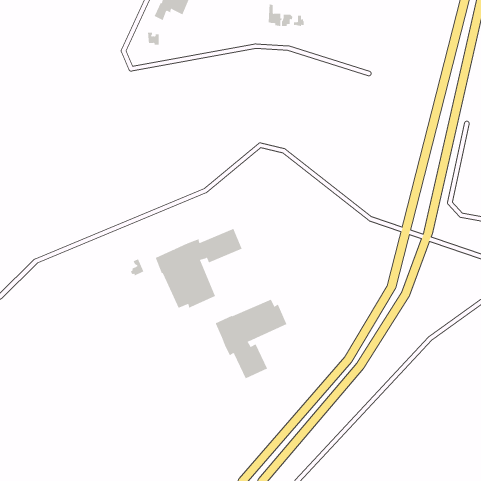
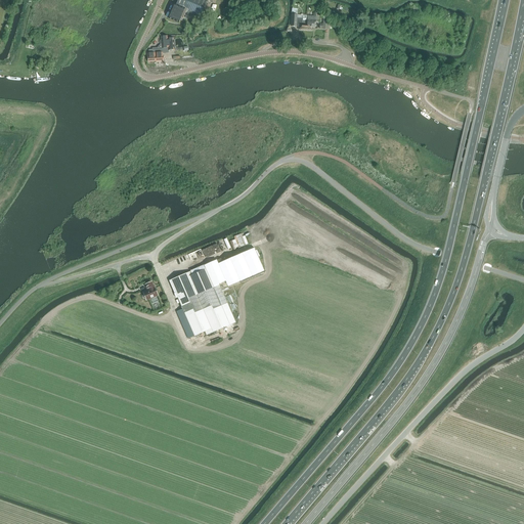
building: [215,299,287,379] -> none

